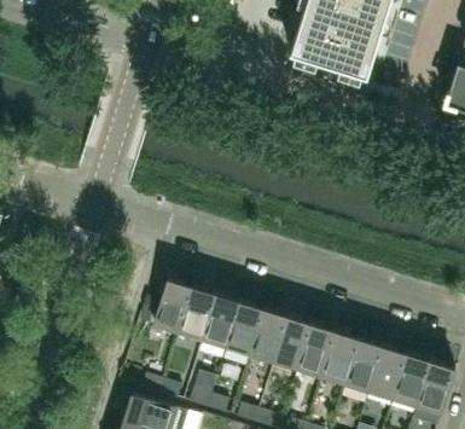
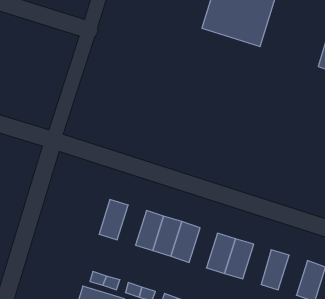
building: [179,288,217,341] -> none
building: [274,318,312,371] -> none
building: [345,340,383,393] -> none
building: [393,354,431,407] -> none

